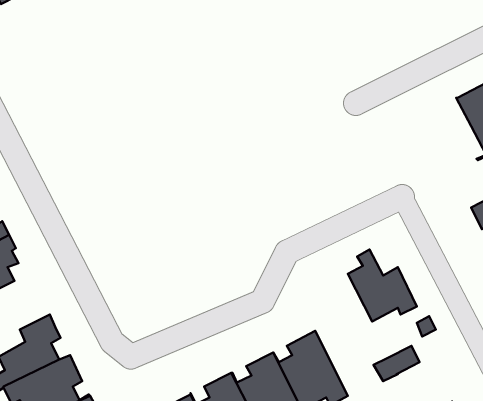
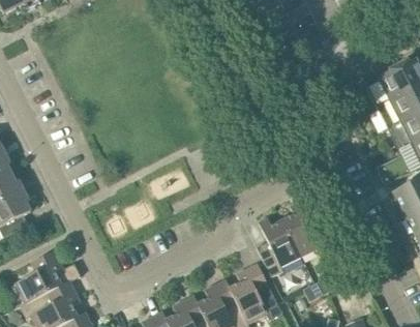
building: none -> [257,216,301,275]

